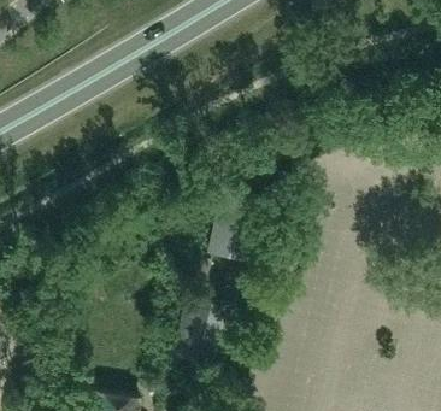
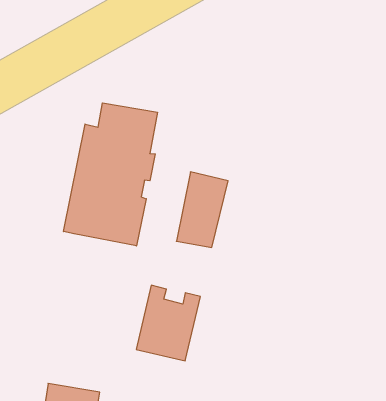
building: none -> [64,103,157,246]

